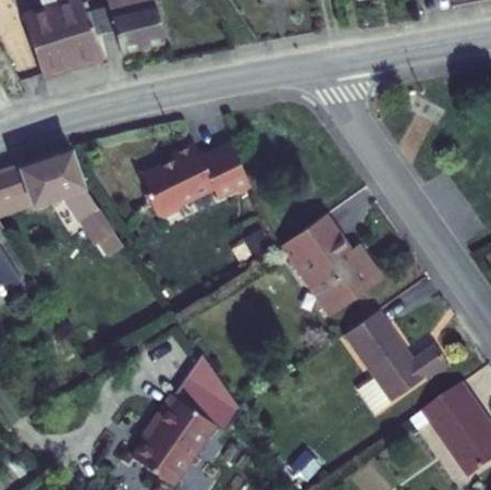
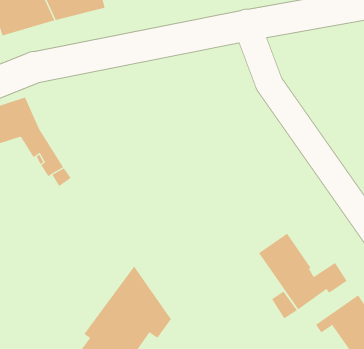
building: [136,146,246,219] -> none
building: [278,218,380,315] -> none

